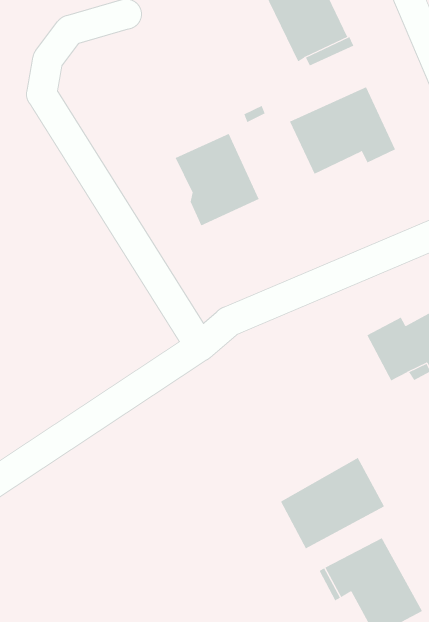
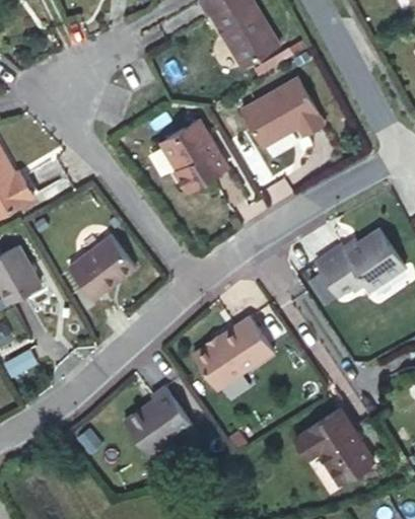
building: none -> [72,236,138,300]
building: [280,457,385,549] -> [195,317,273,389]
building: none -> [124,386,191,455]

